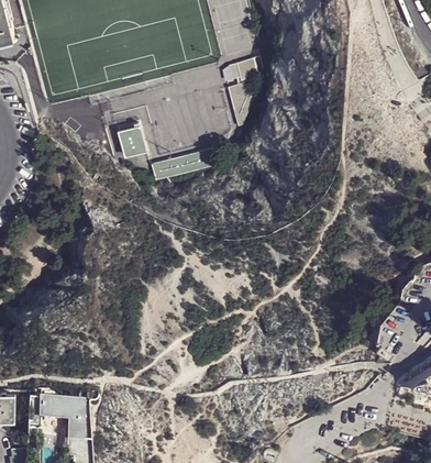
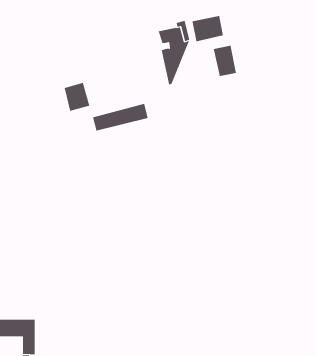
building: none -> [192,15,224,42]
building: none -> [213,45,237,77]

